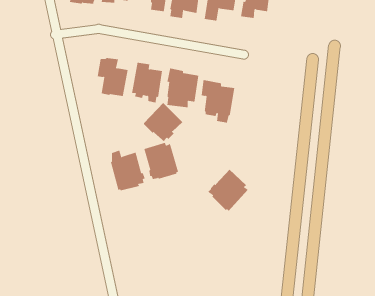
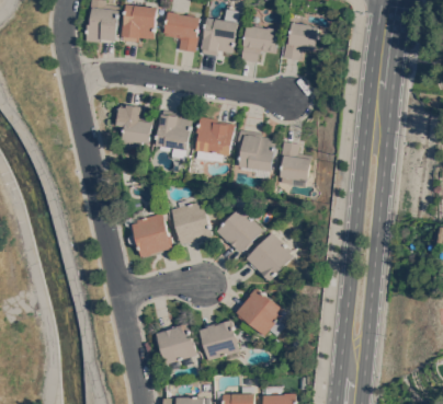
building: none -> [280,141,311,187]
building: [143,102,183,142] -> [216,207,262,253]
building: none -> [236,287,285,336]
building: none -> [200,320,239,360]
building: none -> [157,323,197,363]

